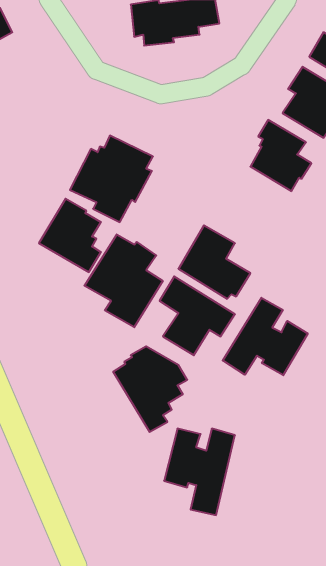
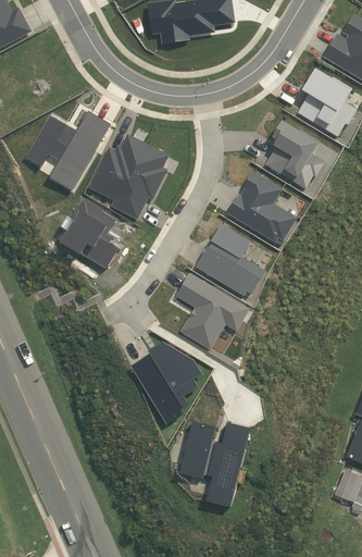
building: none -> [26,110,111,190]
building: none -> [227,171,297,243]
building: [84,234,163,327] -> none
building: [223,298,308,375] -> none

